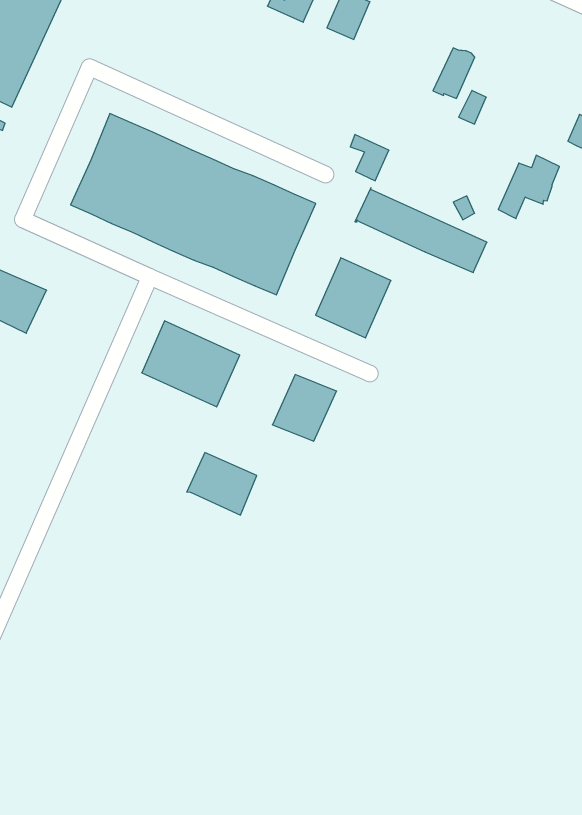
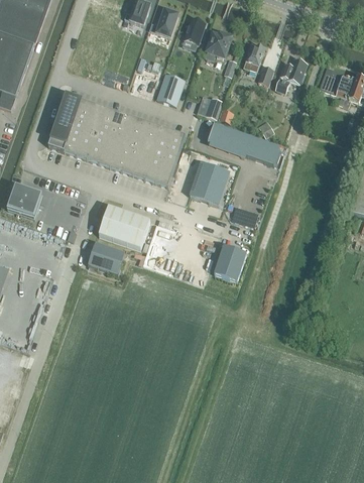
building: none -> [205,32,232,61]
building: none -> [156,74,184,105]
building: [498,155,559,219] -> [275,57,307,93]
building: [272,375,337,441] -> [213,245,246,280]
building: [187,453,257,515] -> [87,242,124,274]

